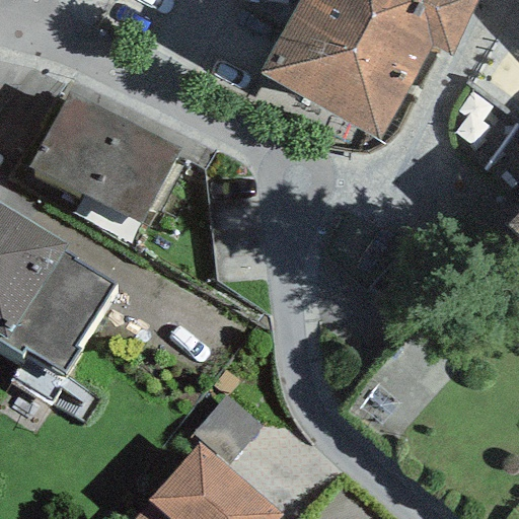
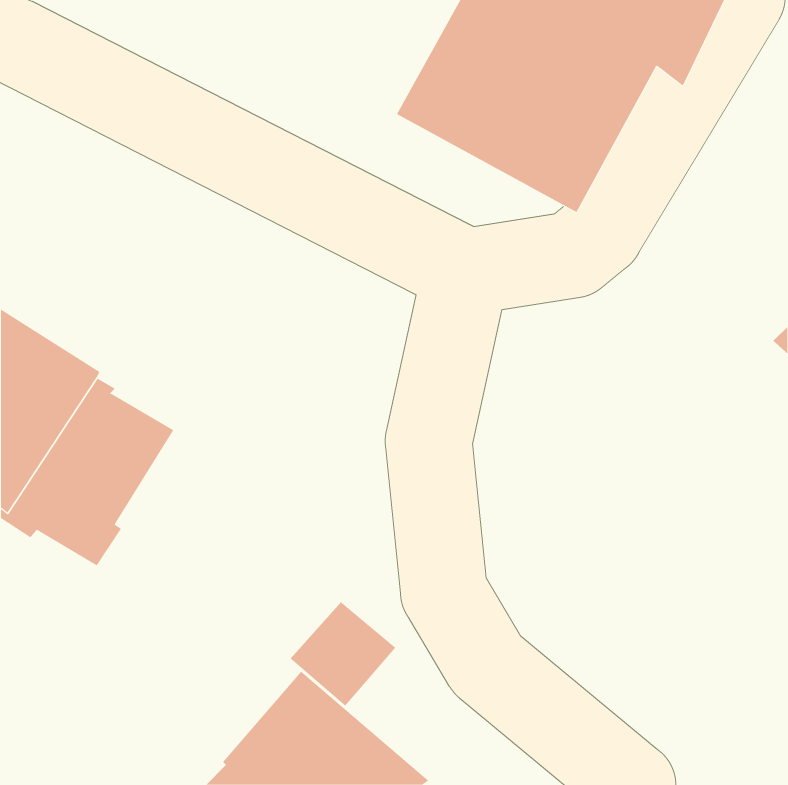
building: [25,90,176,228] -> none

